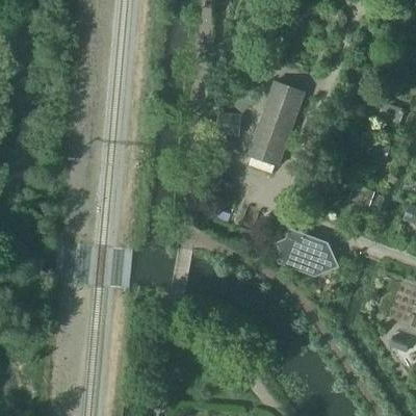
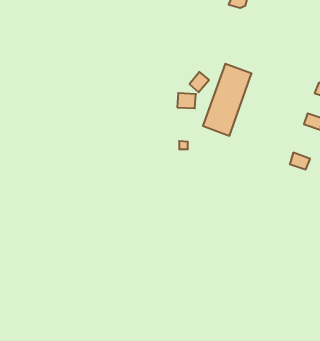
building: [276,228,334,276] -> none

